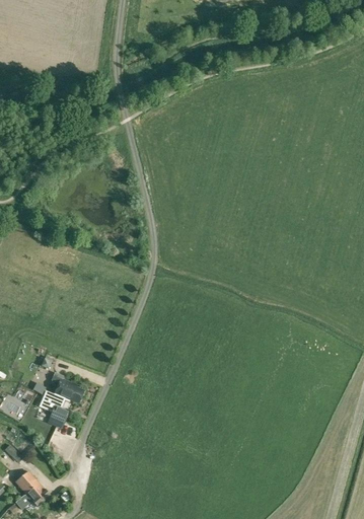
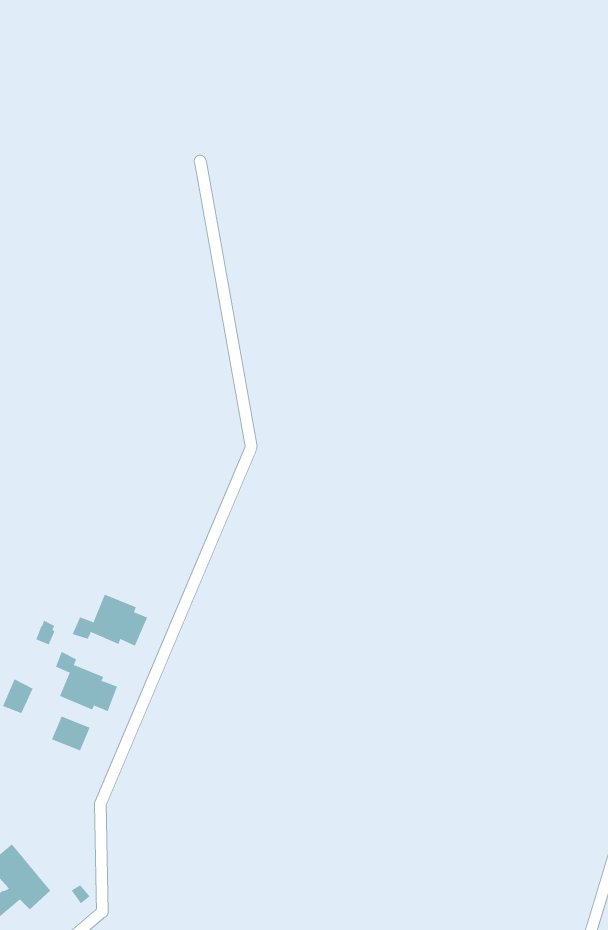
building: none -> [72,594,148,646]

